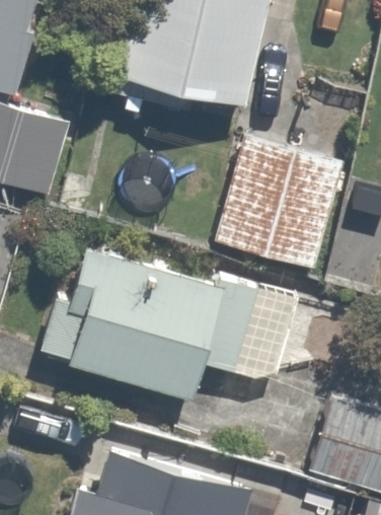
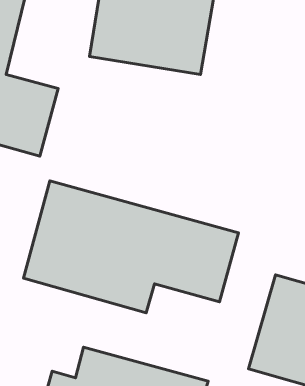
building: [207,134,349,276] -> none

